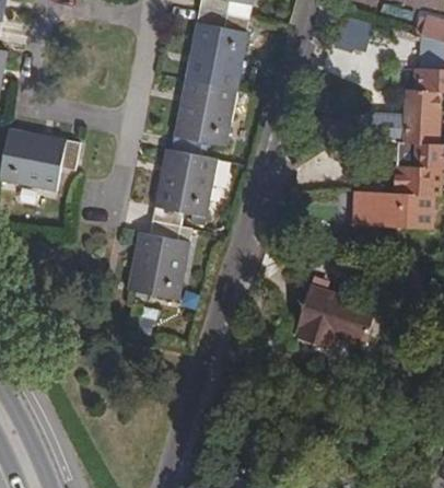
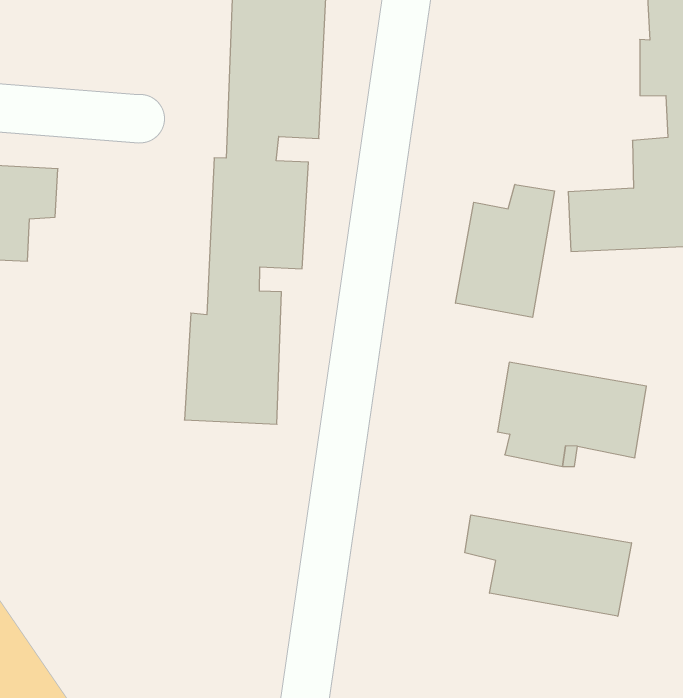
building: none -> [456,184,554,317]
building: none -> [465,515,631,616]

